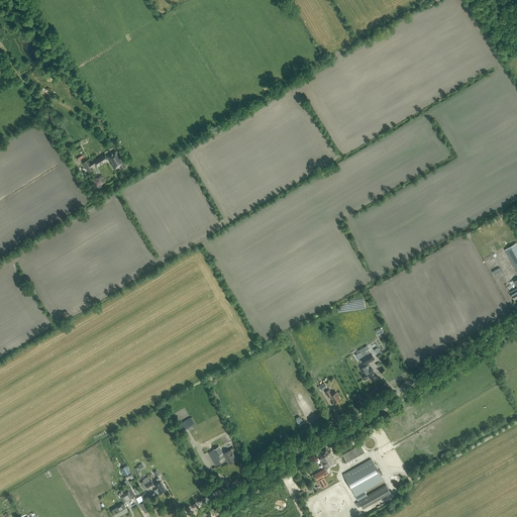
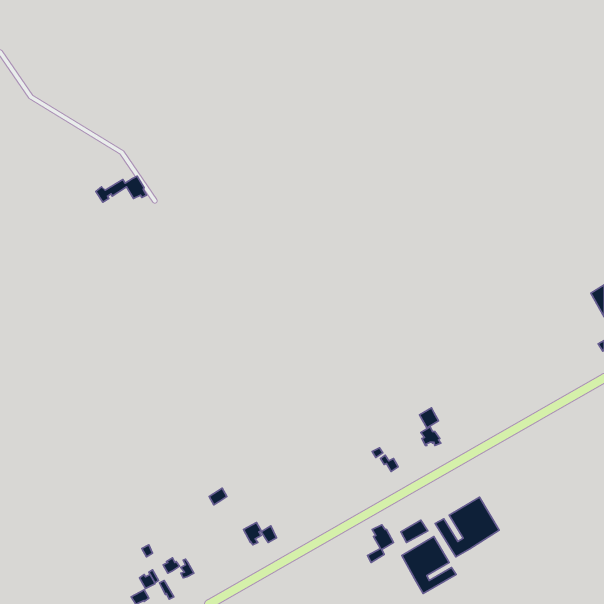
building: none -> [435,497,499,557]

